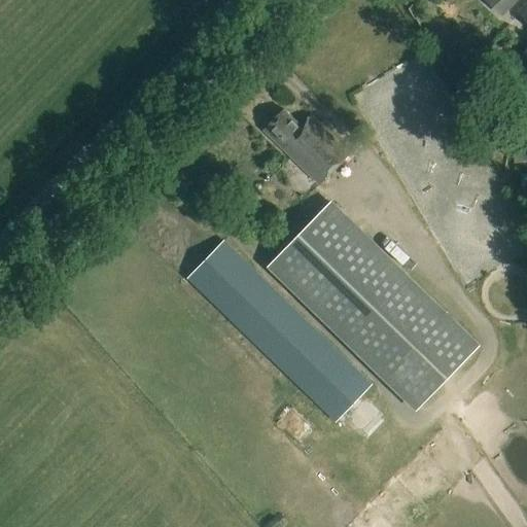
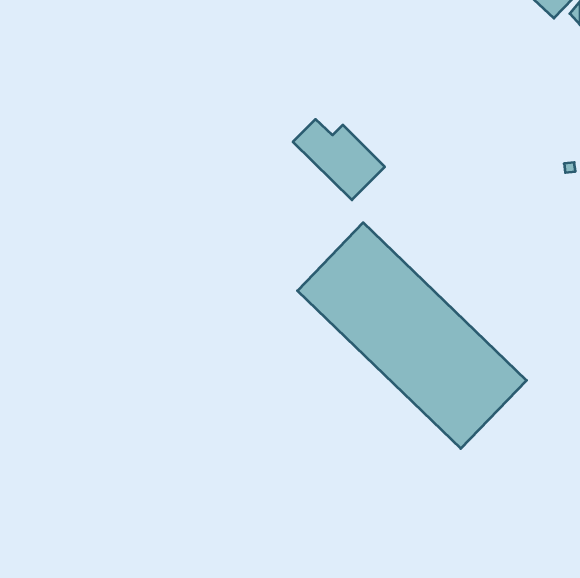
building: [187,240,372,420] -> none

